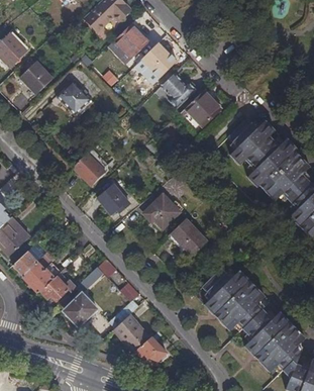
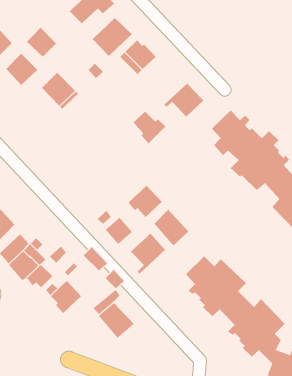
building: none -> [26,27,57,58]
building: [161,74,195,108] -> [132,111,166,144]
building: [72,153,104,186] -> none
building: [98,184,126,212] -> [105,217,133,245]
building: none -> [130,233,166,274]
building: [135,335,167,360] -> none

